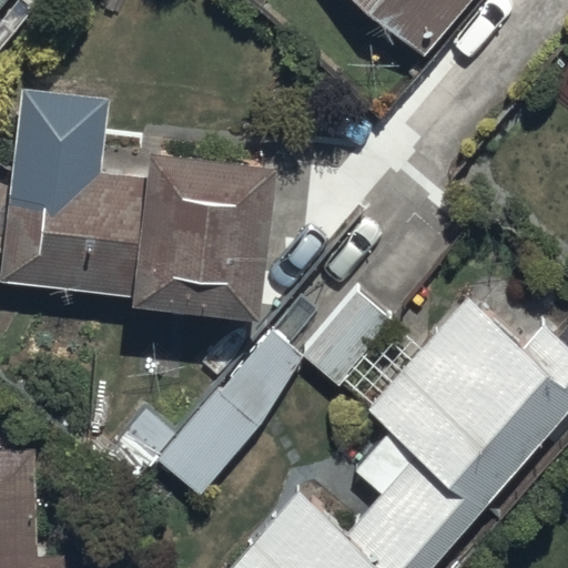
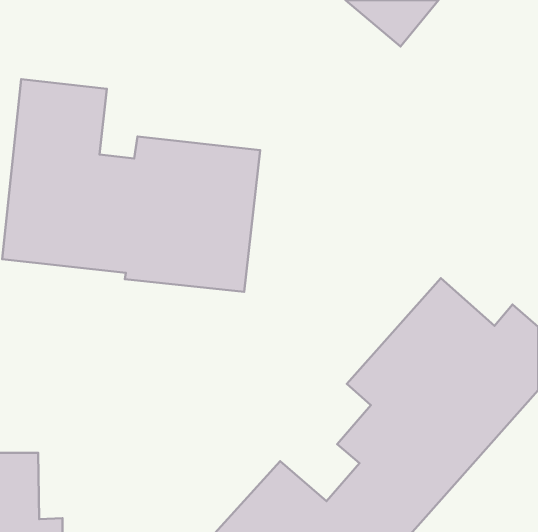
building: [156,292,387,498] -> none

